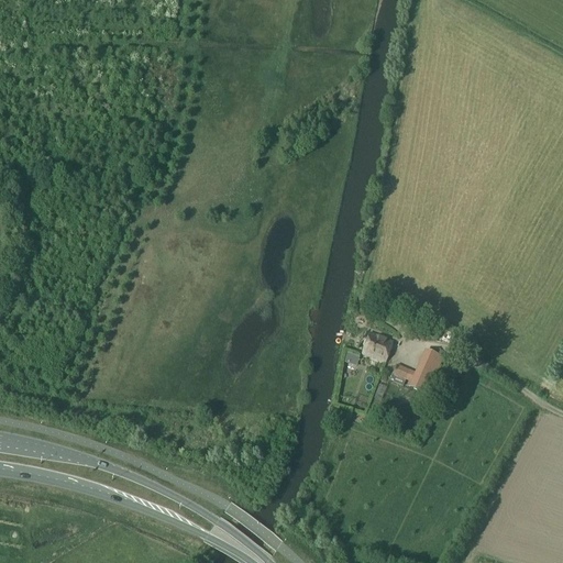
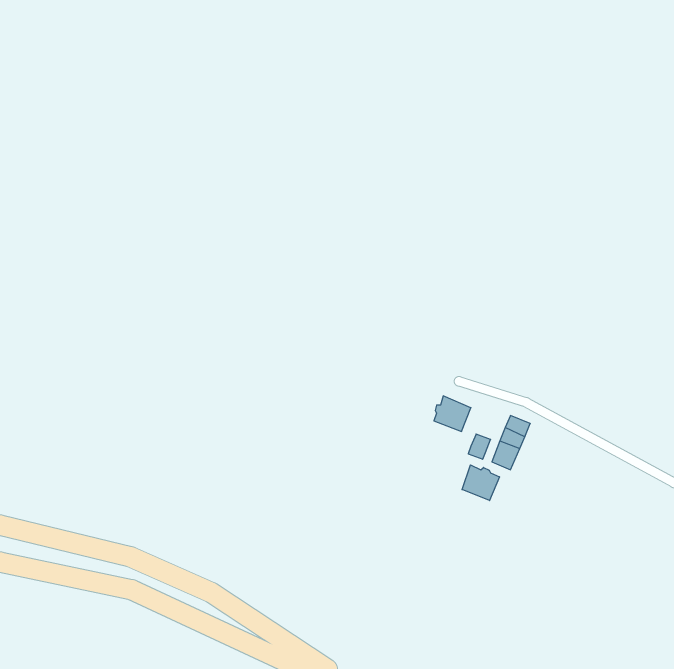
building: none -> [462,465,499,501]

